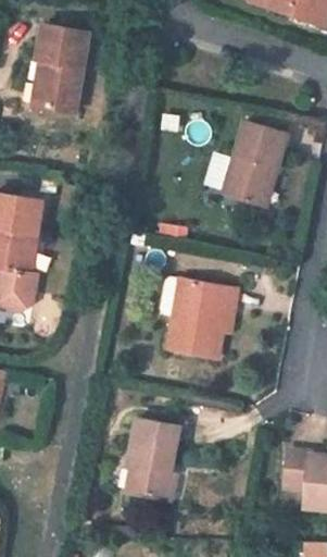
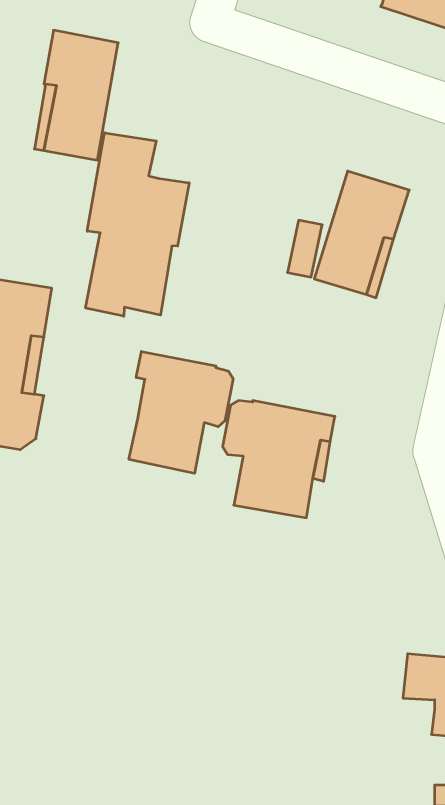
building: none -> [86,133,189,316]
building: none -> [129,351,233,473]
building: [127,418,180,499] -> none

